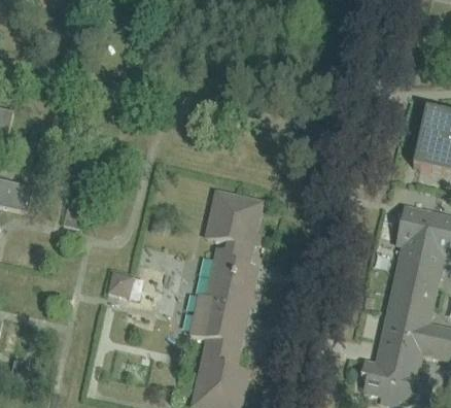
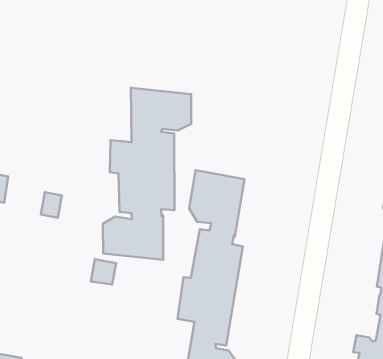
building: none -> [103,88,191,260]

